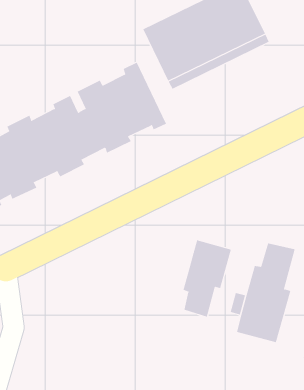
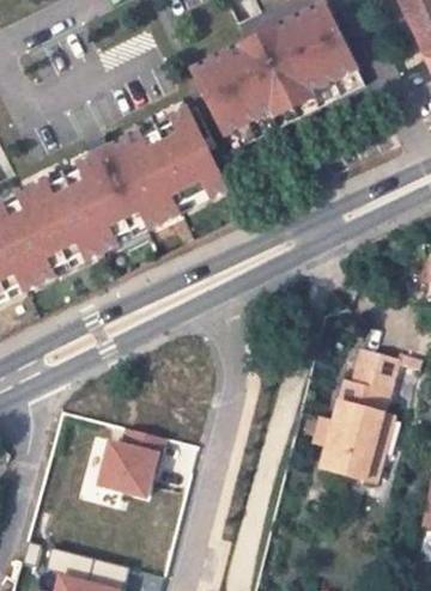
building: [183,239,231,318] -> none
building: none -> [101,427,157,496]

